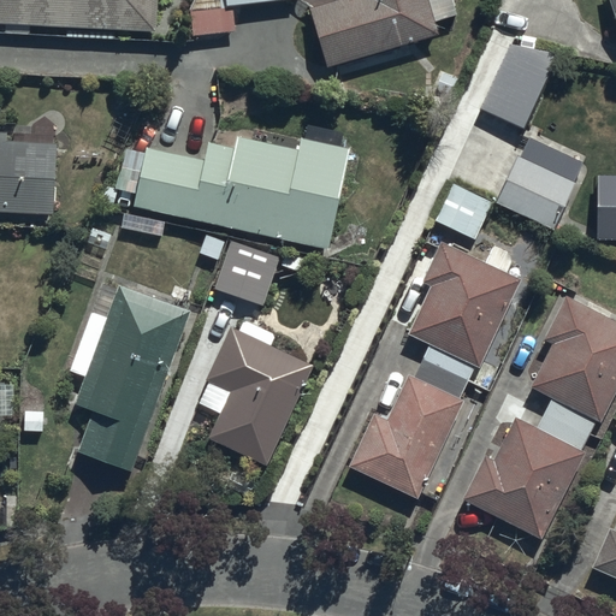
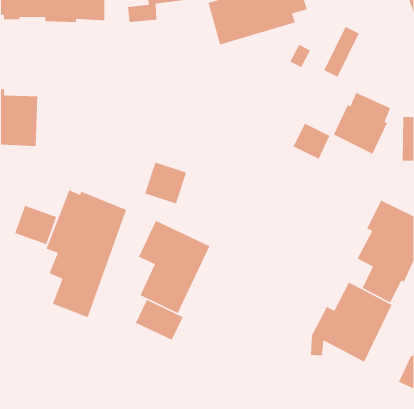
building: [132,134,349,250] -> none
building: [350,241,520,497] -> none
building: none -> [14,205,57,245]
building: none -> [135,299,184,341]

